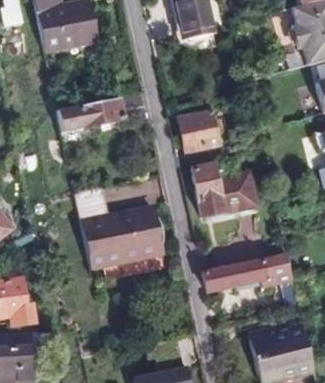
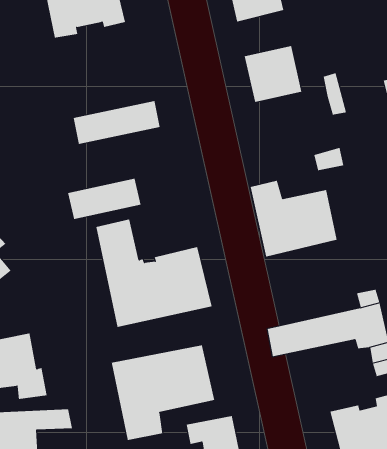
building: [180,109,224,152] -> [244,45,302,103]
building: none -> [67,178,141,220]
building: none -> [111,344,215,441]

